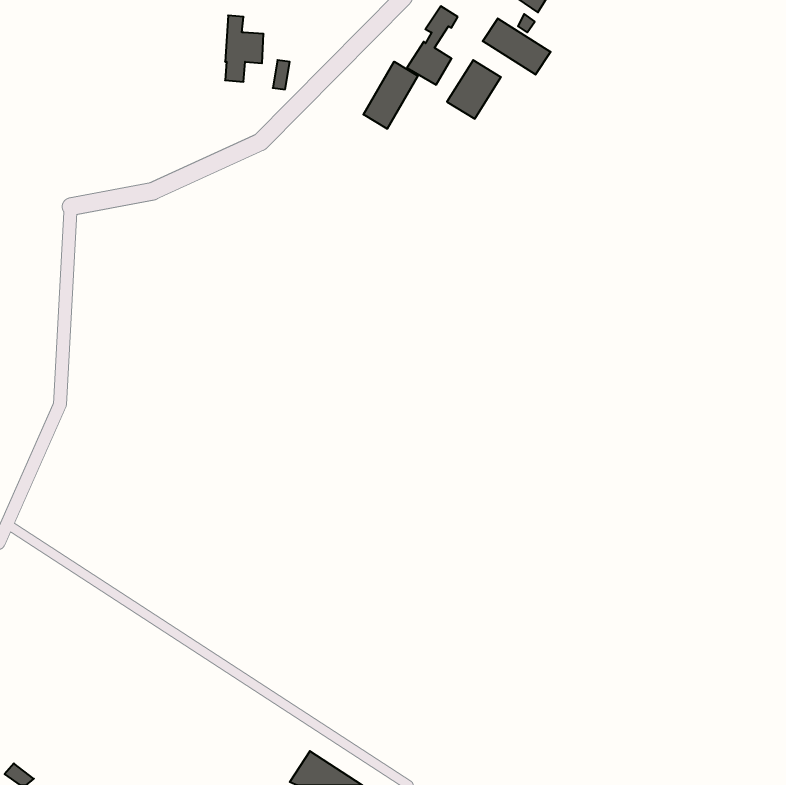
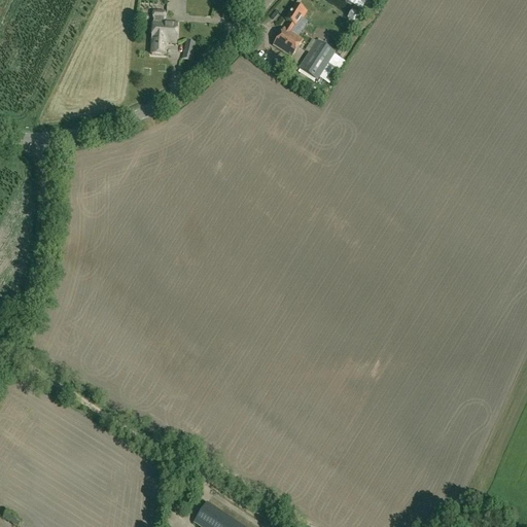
building: [483,18,551,75] -> none
building: [363,62,418,129] -> none

